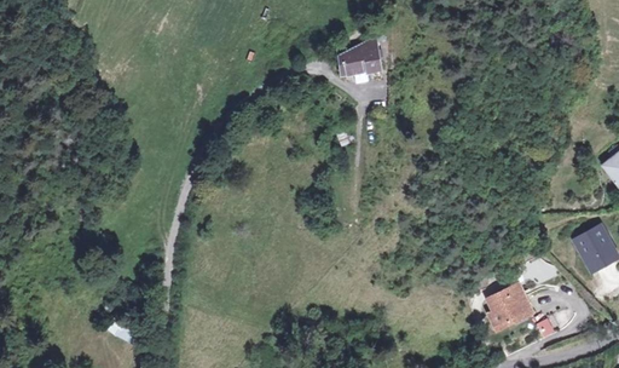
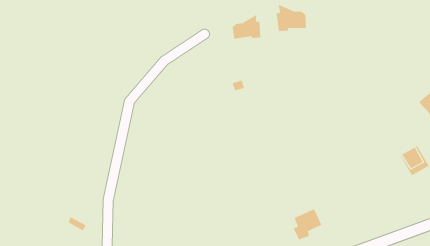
building: none -> [276,4,306,32]
building: [490,283,531,328] -> [293,208,322,240]

